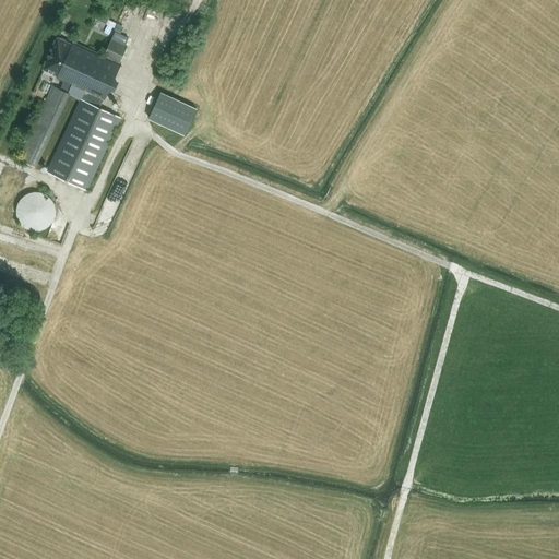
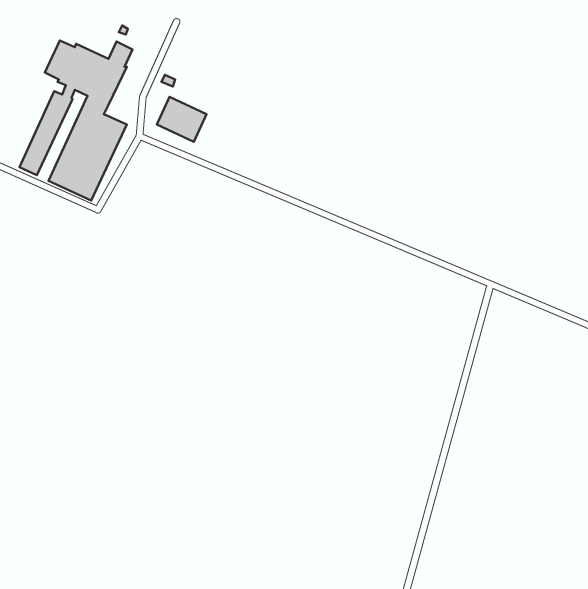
building: [15,191,55,230] -> none

